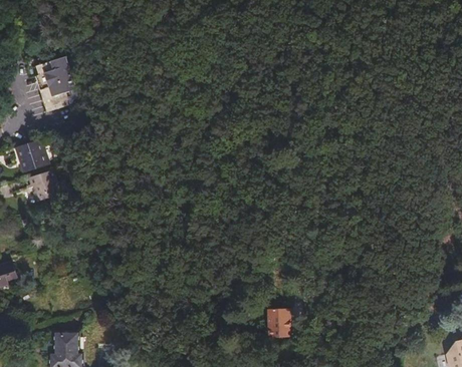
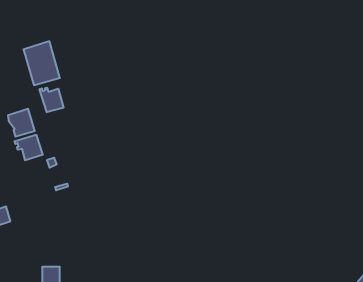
building: none -> [40,88,64,112]
building: [266,310,289,340] -> none

